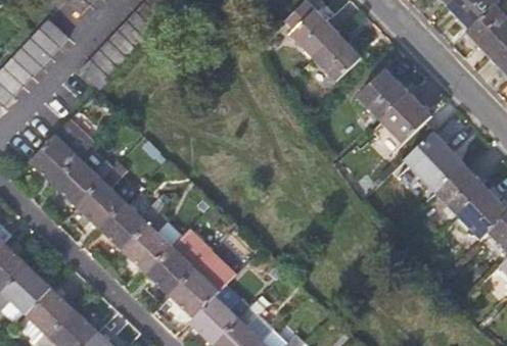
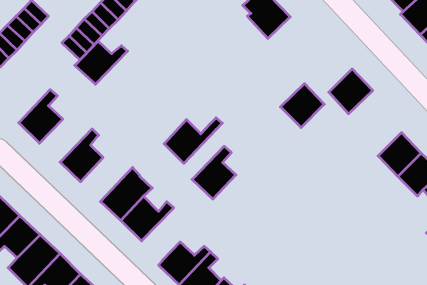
building: [313,36,362,84] -> none
building: [359,71,409,121] -> [280,84,324,128]
building: [415,144,465,194] -> none
building: [52,152,112,201] -> [75,41,128,84]
building: [99,194,166,246] -> [164,118,222,163]
building: [169,253,219,313] -> [192,146,236,199]

